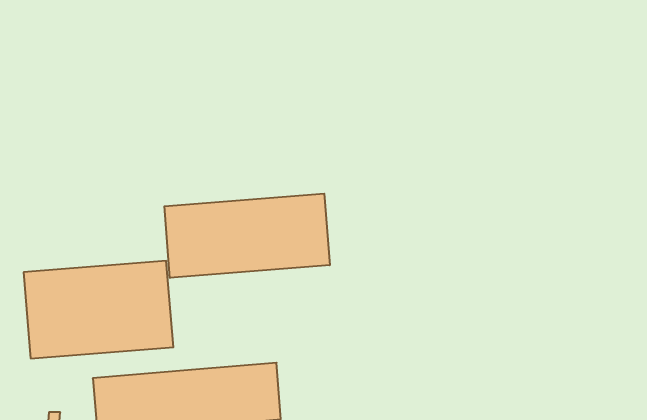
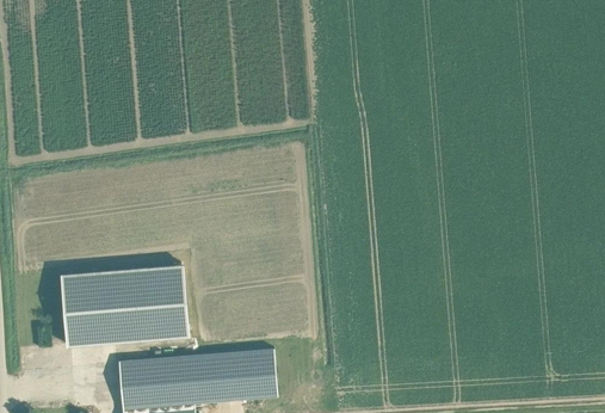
building: [164,194,330,278] -> none

